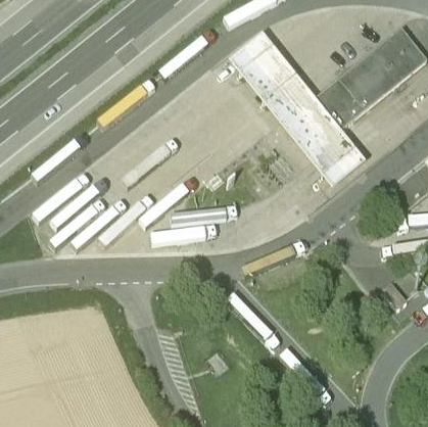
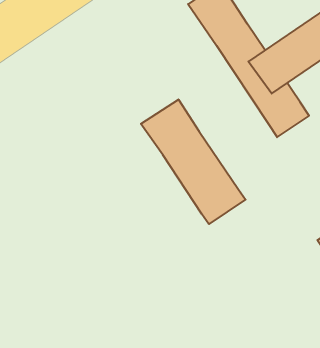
building: none -> [141,99,246,224]

